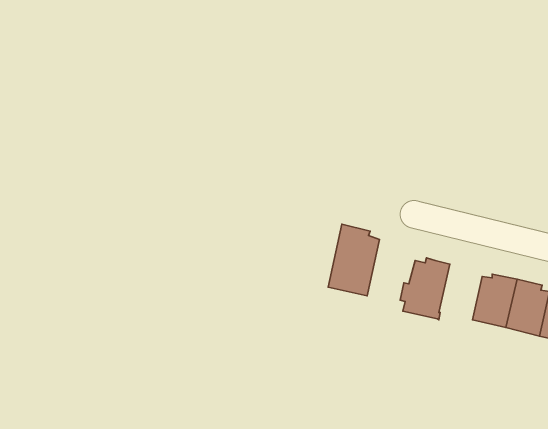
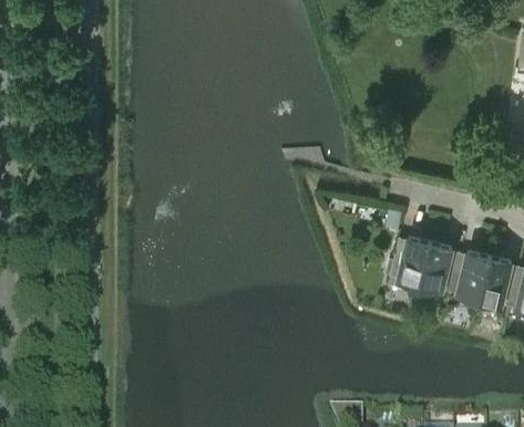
building: [328,224,379,296] -> none
building: none -> [422,238,461,288]

